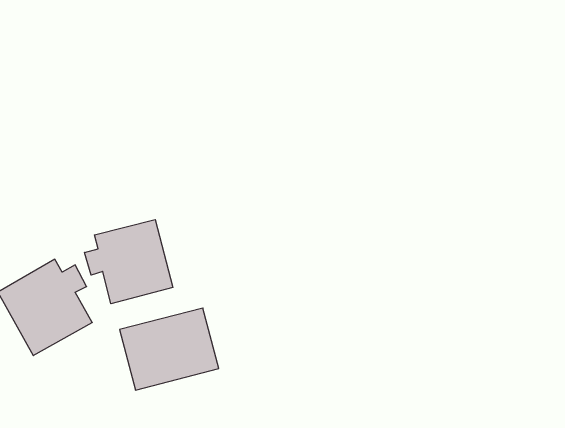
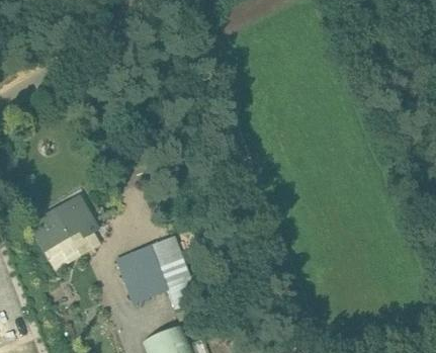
building: [85,220,173,304] -> none

